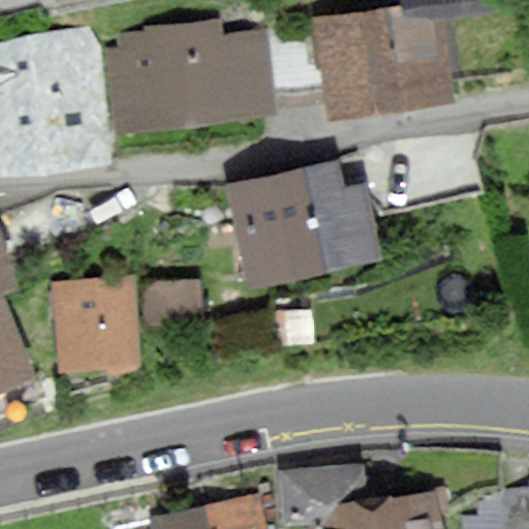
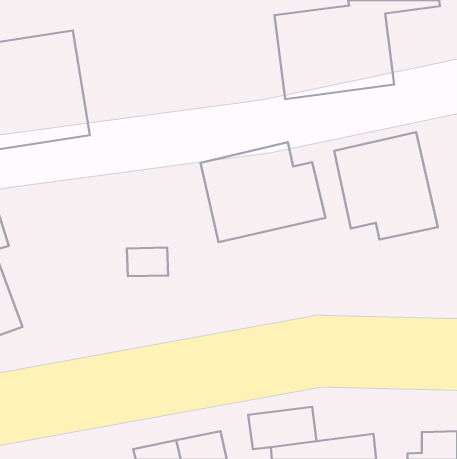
building: [113,25,280,133] -> none
building: none -> [334,132,438,240]
building: [55,280,134,365] -> none

